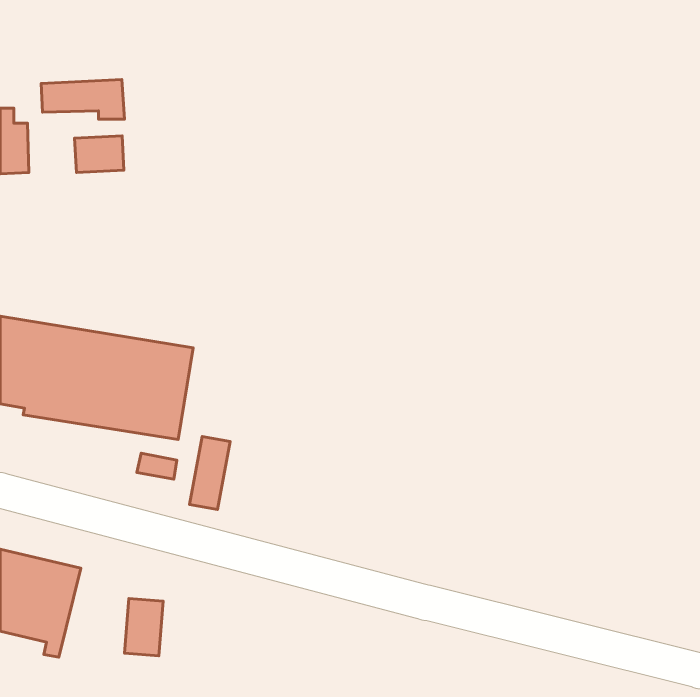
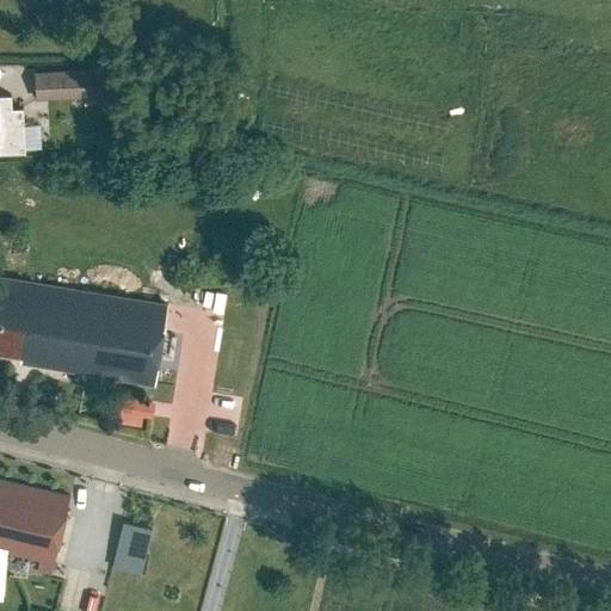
building: [74,136,124,173] -> none
building: [190,437,230,509] -> none

